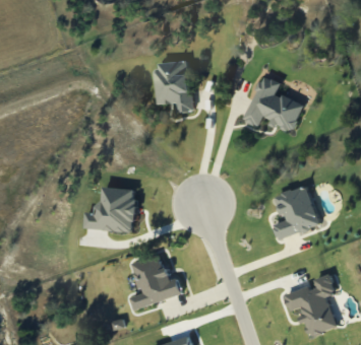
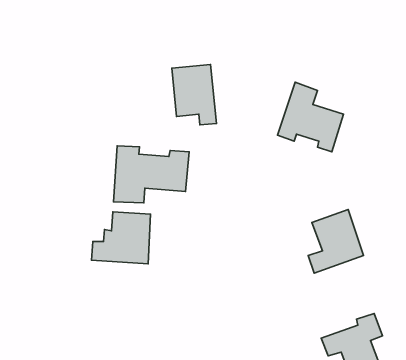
building: none -> [114,146,189,203]
building: [129,256,181,307] -> none

